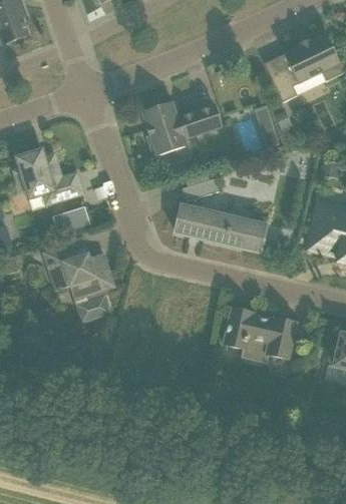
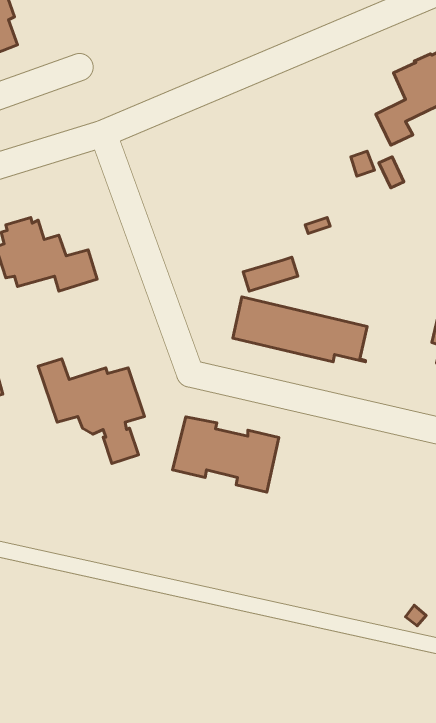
building: [141,101,221,154] -> none
building: [52,206,89,233] -> none
building: [223,308,295,359] -> [173,417,279,492]

